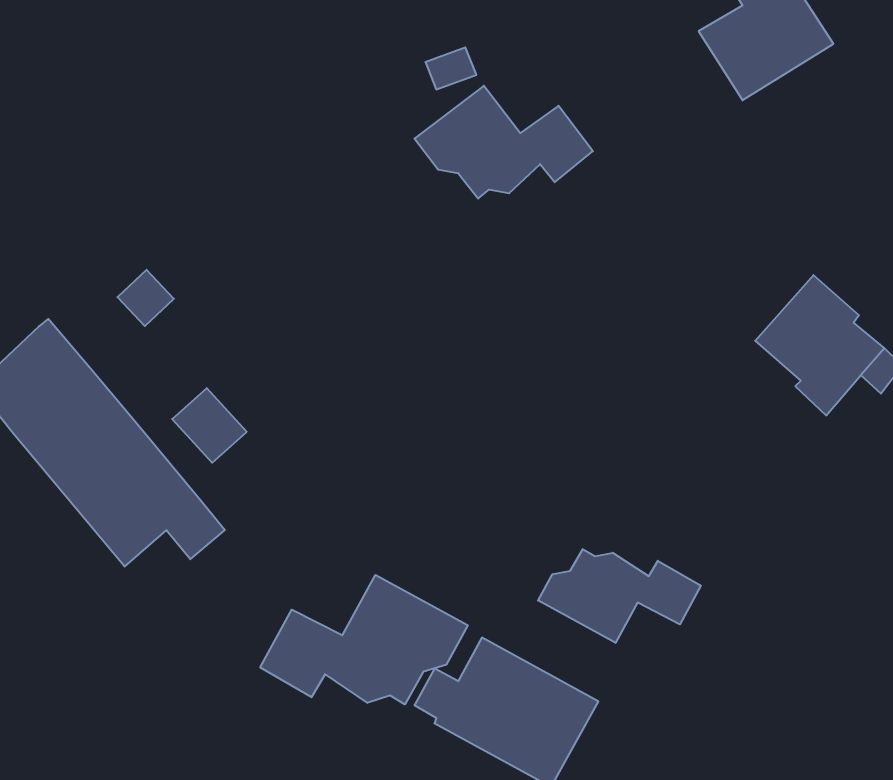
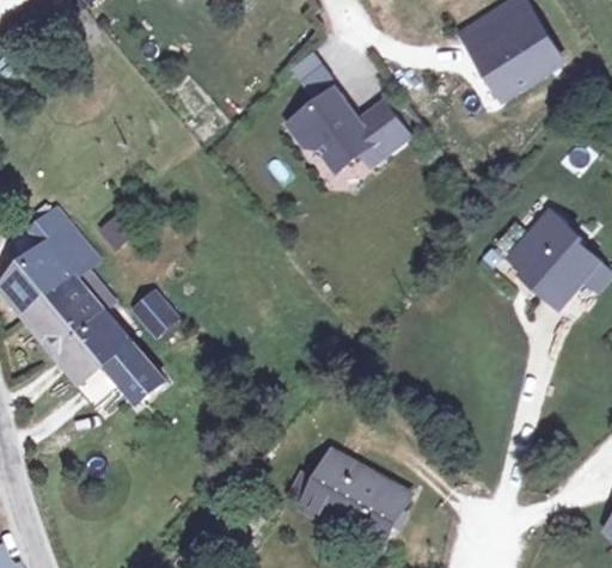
building: none -> [29,207,97,274]
building: [538,549,701,643] -> none
building: [260,575,468,704] -> none

